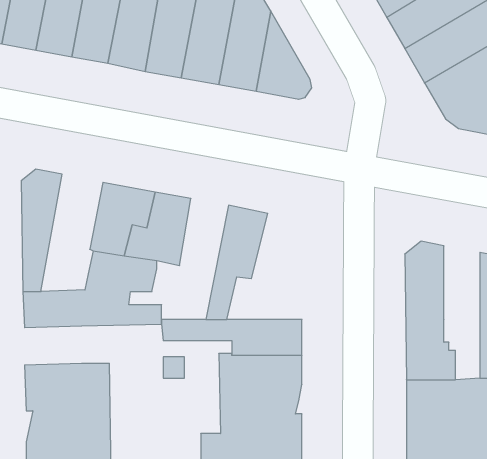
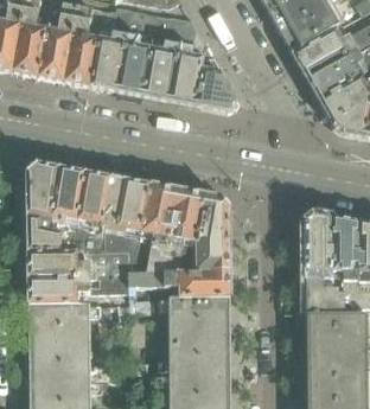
building: none -> [39,165,84,250]
building: none -> [140,183,176,270]
building: none -> [192,193,229,270]
building: none -> [332,217,358,314]
building: none -> [27,274,128,303]

